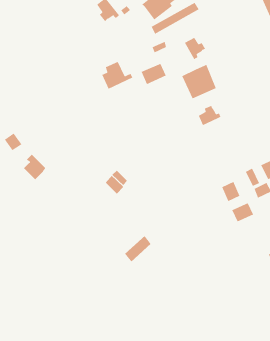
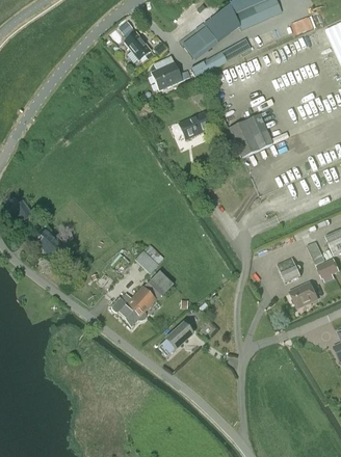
building: [184,37,206,60] -> none
building: [101,61,134,90] -> [150,55,189,90]
building: [198,105,222,126] -> none
building: none -> [110,270,173,326]

